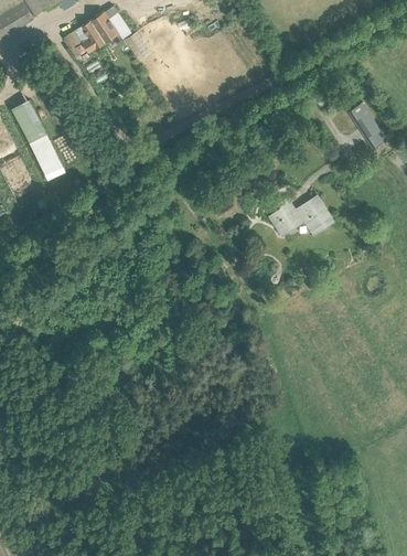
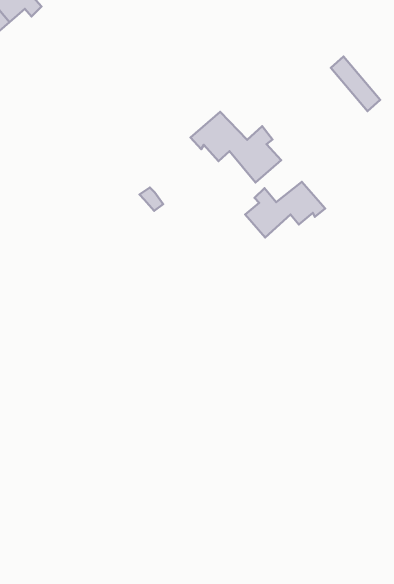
building: none -> [191,112,281,182]

